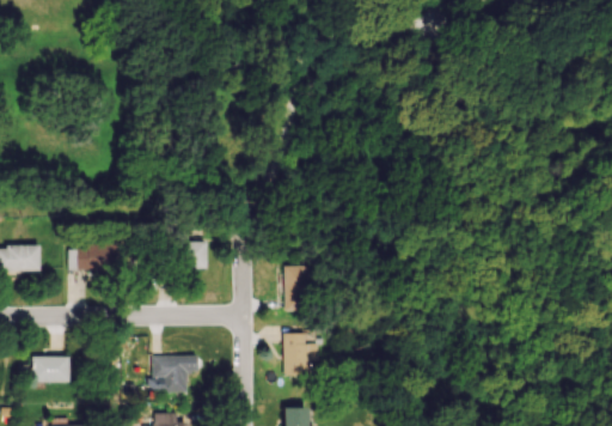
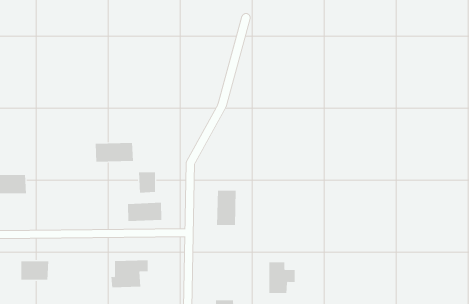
building: [68,245,118,270] -> [95,143,134,162]
building: none -> [127,202,162,222]
building: [284,334,319,375] -> [269,262,295,294]

